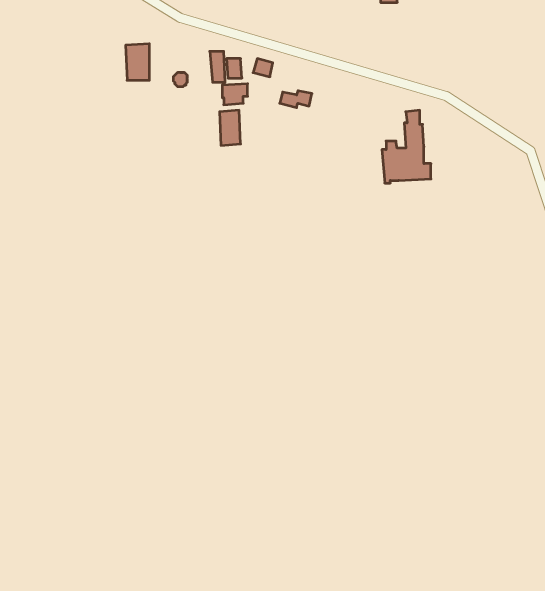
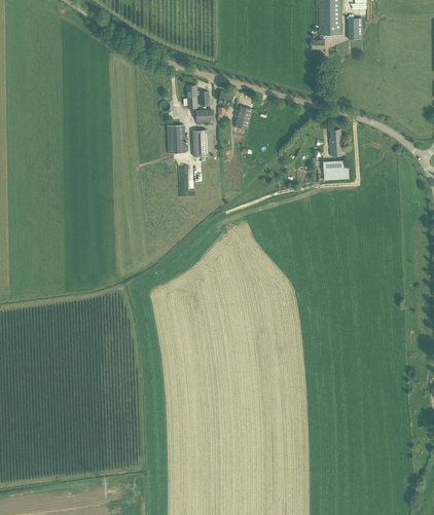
building: [126,44,149,80] -> [167,123,184,150]

